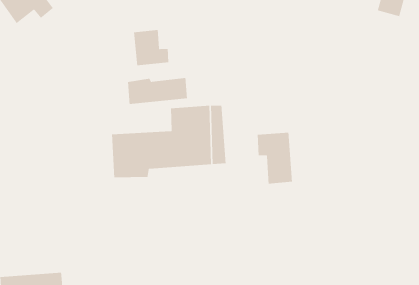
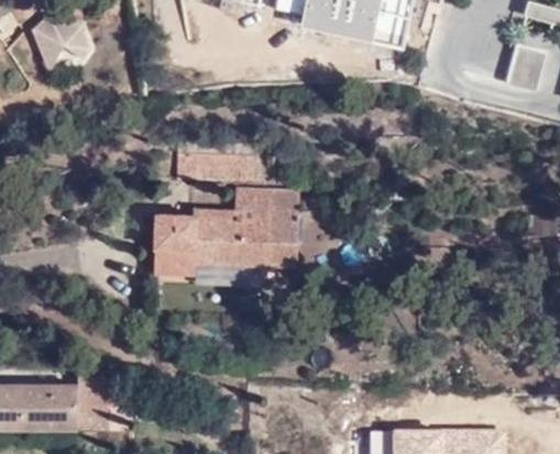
building: [133,29,169,66] -> none
building: [257,132,293,184] -> none

